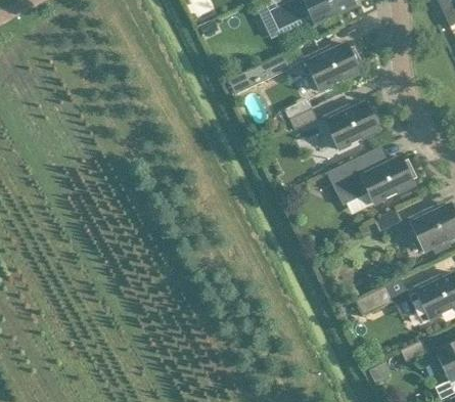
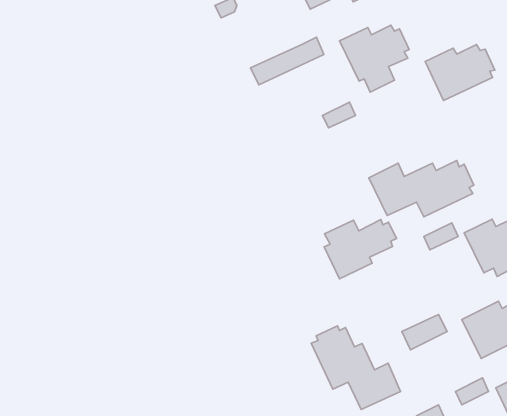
building: [323,102,381,149] -> [425,44,495,101]
building: none -> [324,219,397,279]
building: none -> [311,326,401,409]

